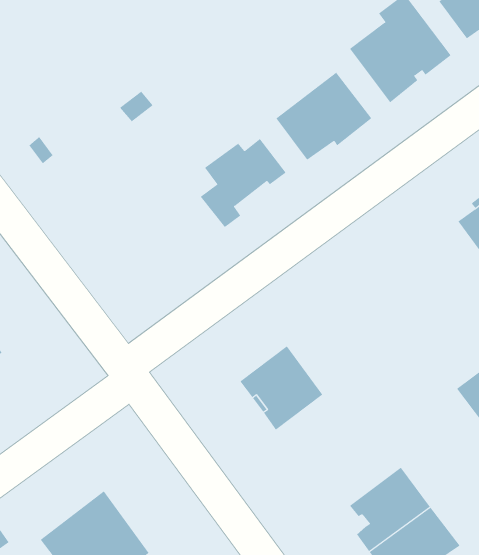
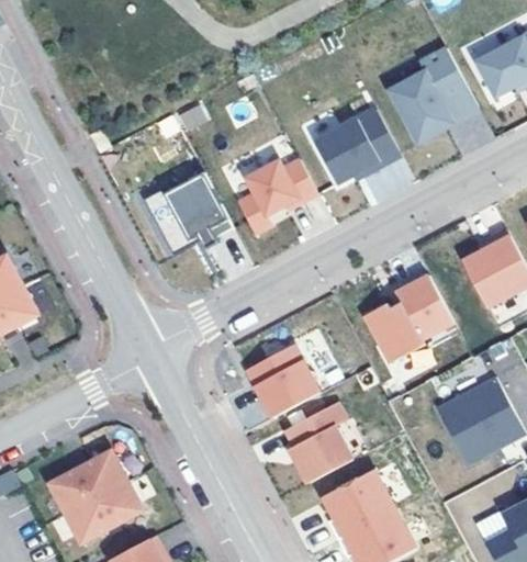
building: none -> [146,175,233,251]
building: none -> [363,277,453,364]
building: none -> [284,404,351,483]

